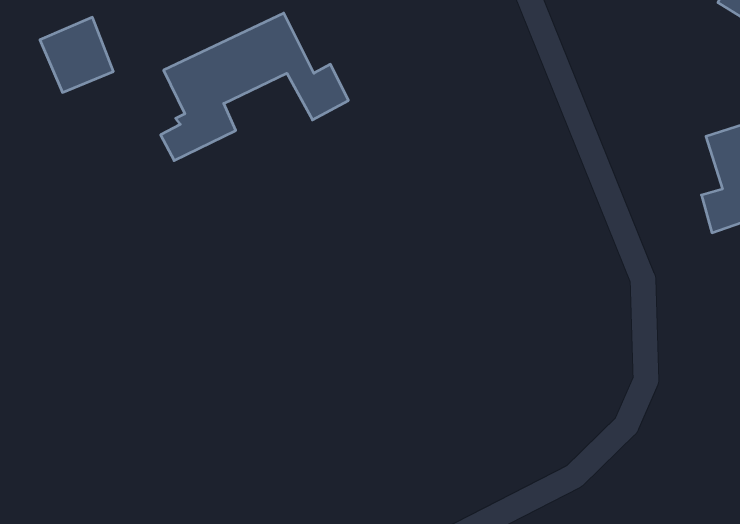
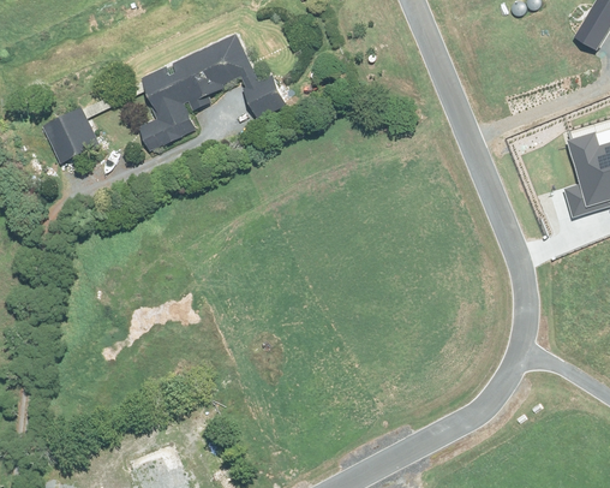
building: [40,17,113,92] -> [41,111,100,171]

